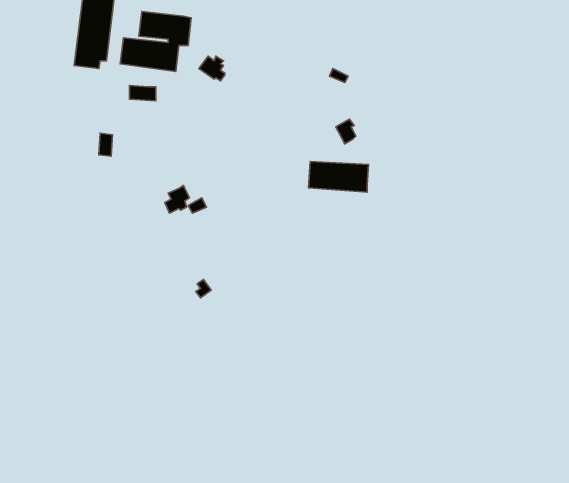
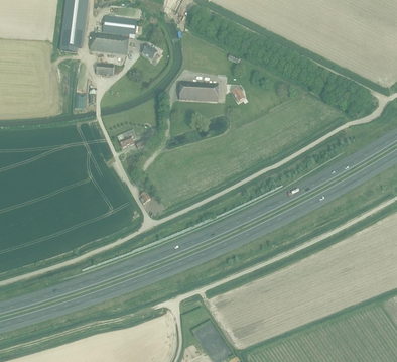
building: [309,162,369,192] -> [178,81,218,101]

